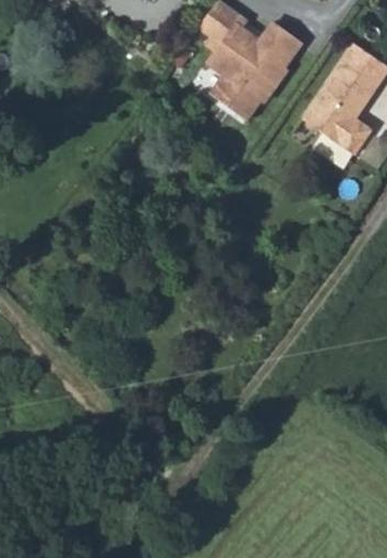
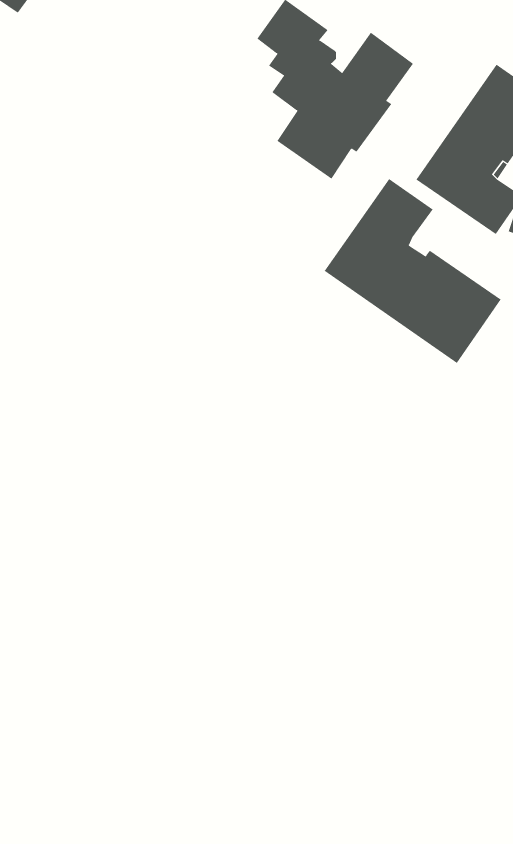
building: none -> [324,178,502,364]

